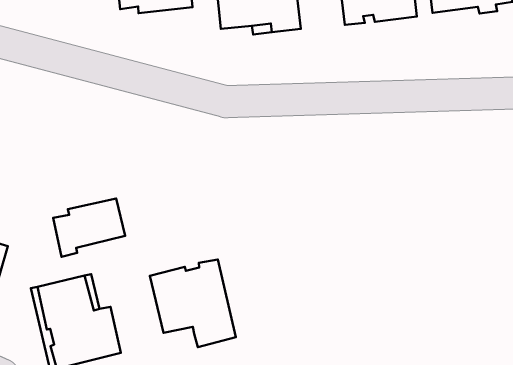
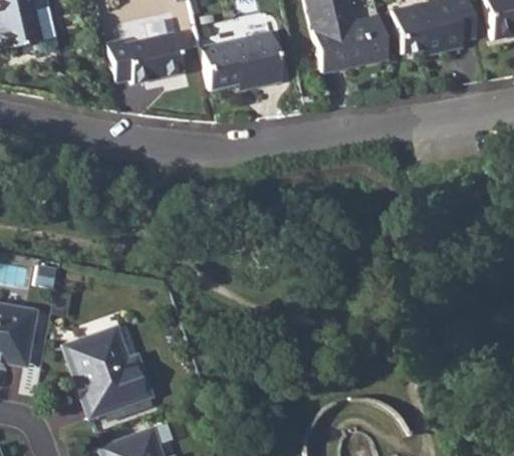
building: [53,199,125,257] -> none
building: [150,259,236,347] -> none

